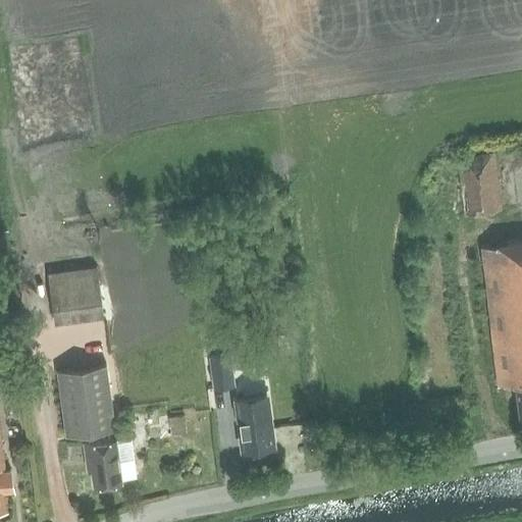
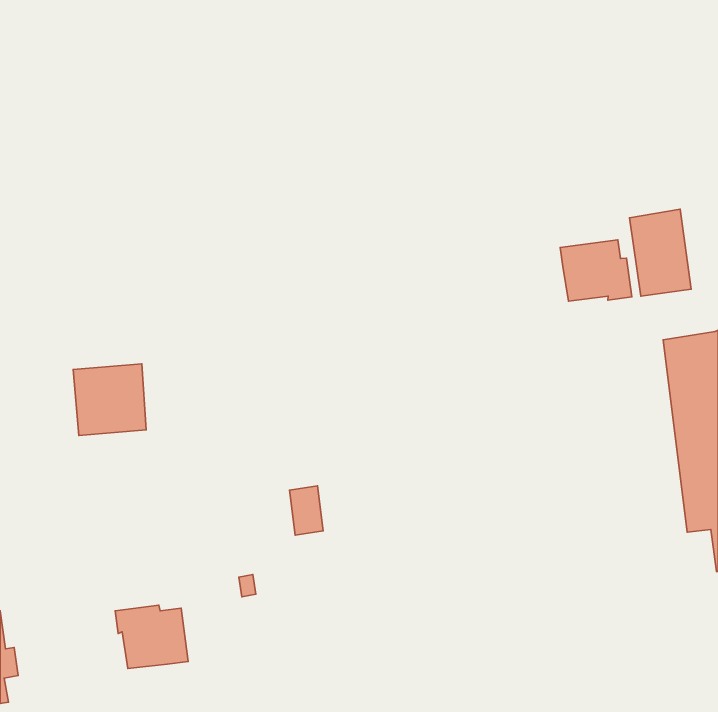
building: none -> [560,240,632,301]
building: [56,368,114,440] -> none
building: [236,399,271,453] -> none

